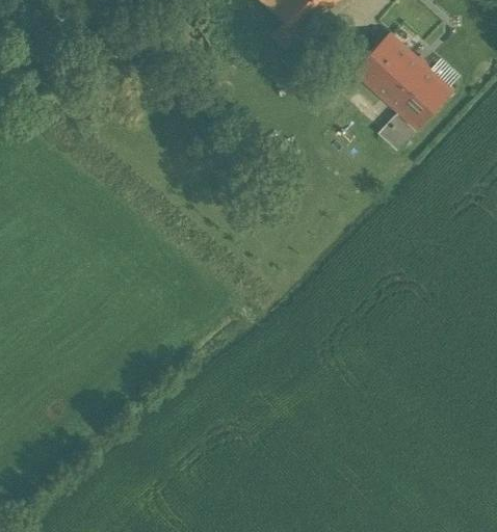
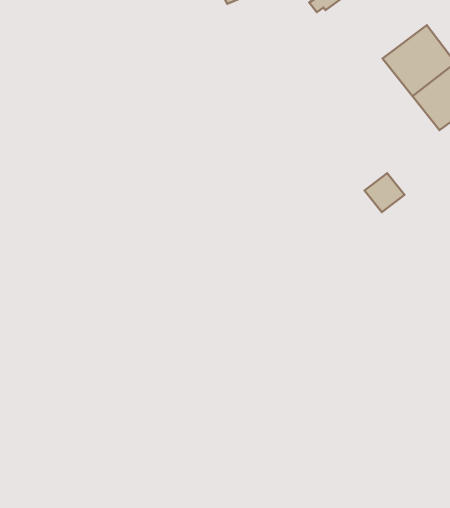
building: [378,112,415,148] -> [364,173,405,212]

